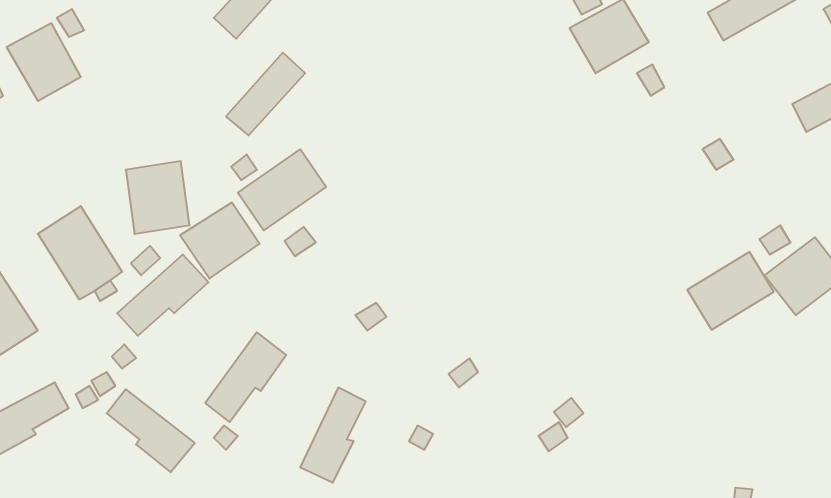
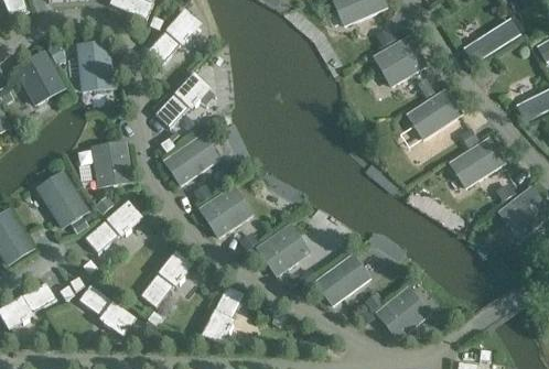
building: none -> [77,43,110,89]
building: none -> [405,90,459,140]
building: [180,203,260,279] -> [201,186,251,235]
building: [687,252,774,330] -> [448,139,503,188]
building: none -> [258,226,308,274]
building: none -> [313,253,369,305]
building: none -> [376,287,428,338]

